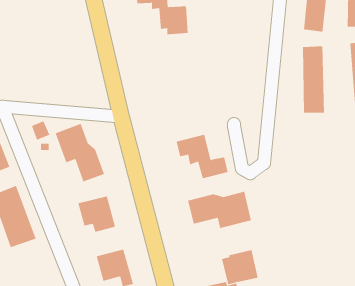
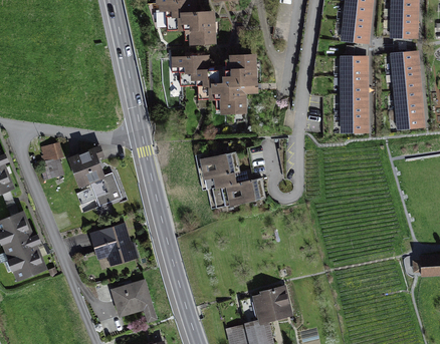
building: none -> [173,54,256,115]
building: [187,191,252,229] -> none

